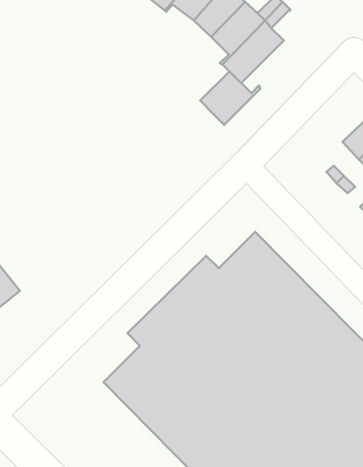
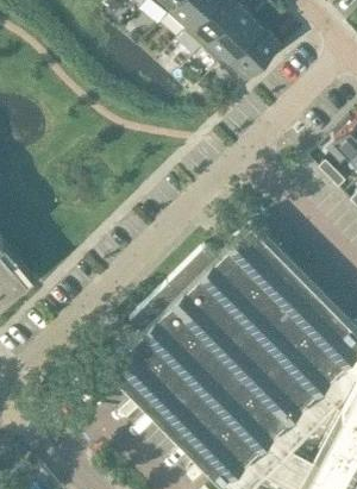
building: [200,72,261,125] -> none

